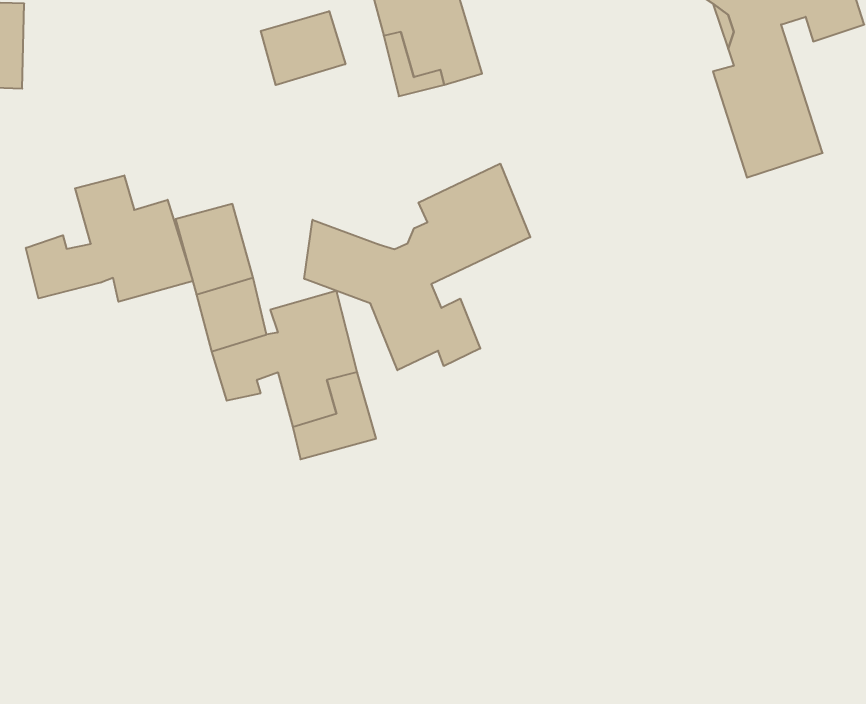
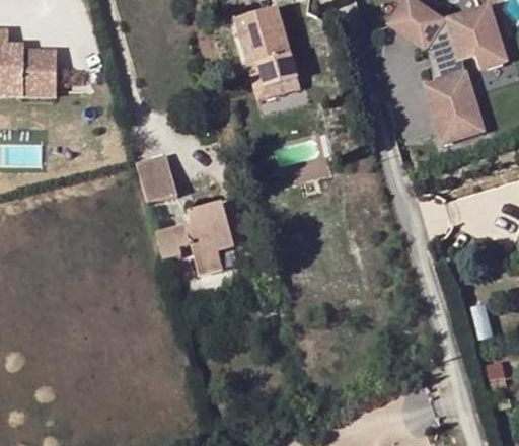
building: [261,11,345,85] -> none
building: [304,164,530,370] -> none
building: [26,175,193,302] -> none

